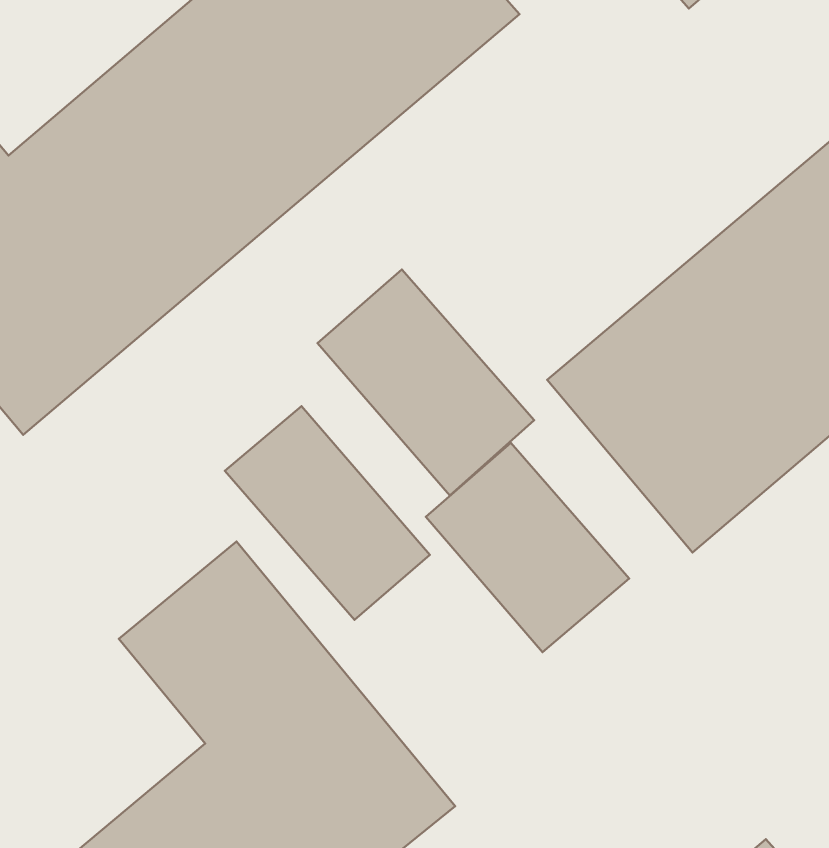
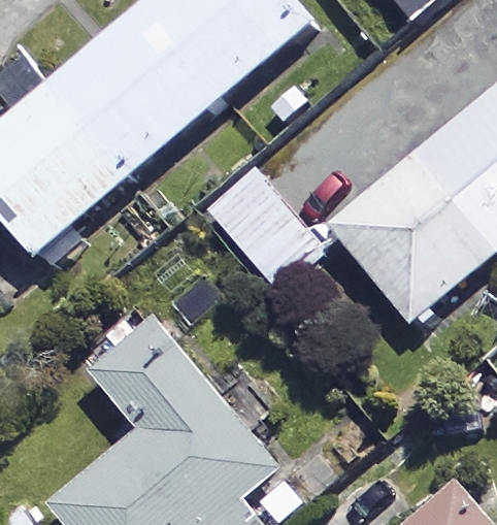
building: [225,406,430,620] -> none
building: [426,443,629,652] -> none

